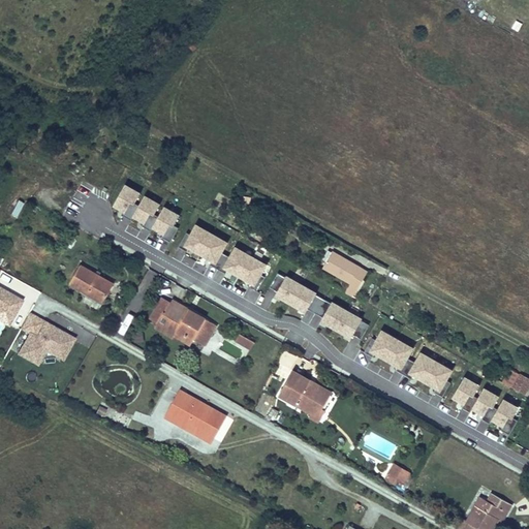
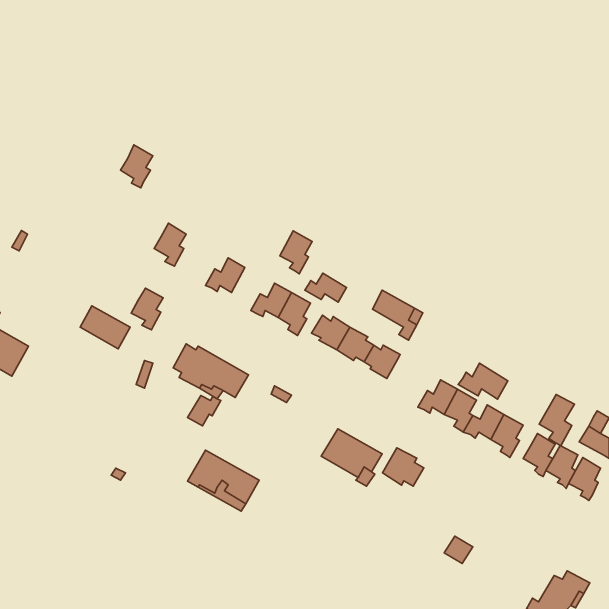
building: [114,184,142,221] -> [121,145,153,188]
building: [153,206,181,242] -> [131,288,163,330]
building: [200,232,228,270] -> [280,231,312,274]
building: none -> [305,273,346,302]
building: [335,308,368,340] -> none
building: [18,314,75,366] -> none
building: none -> [458,363,508,399]
building: none -> [539,395,574,446]
building: none -> [187,395,221,426]
building: none -> [382,448,424,486]

